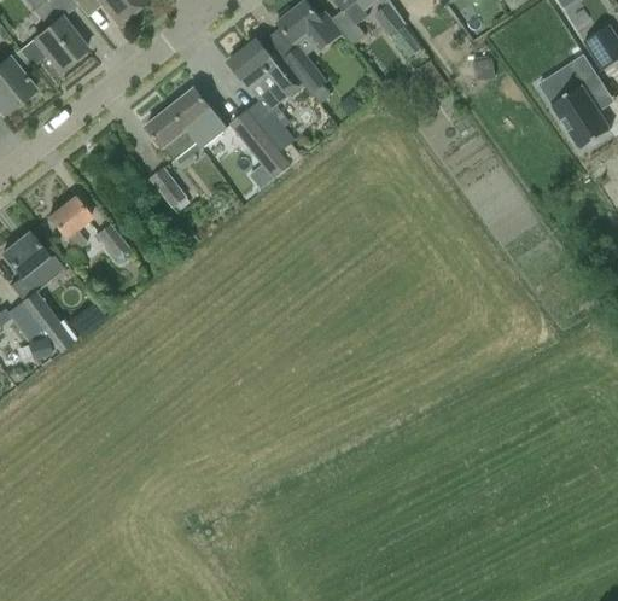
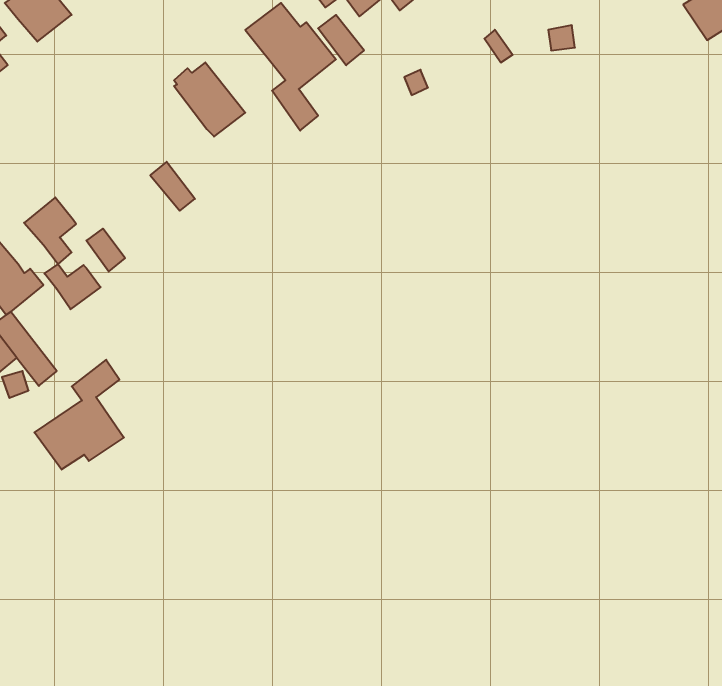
building: [544,45,604,139] -> none
building: [145,107,196,162] -> none
building: [232,111,288,177] -> none
building: none -> [44,264,101,309]
building: none -> [34,360,124,470]

